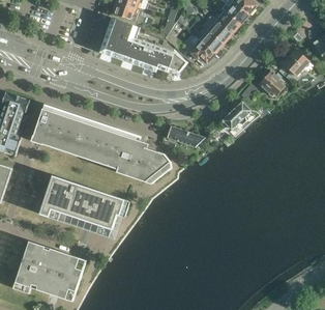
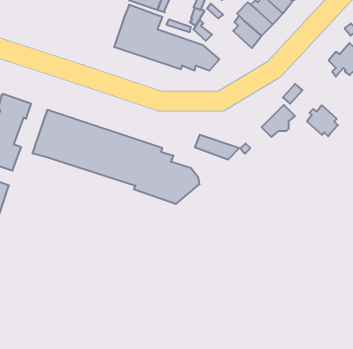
building: [182,33,214,62] -> none
building: [259,69,285,95] -> [307,105,338,136]
building: [39,175,129,236] -> none
building: [12,241,86,301] -> none

